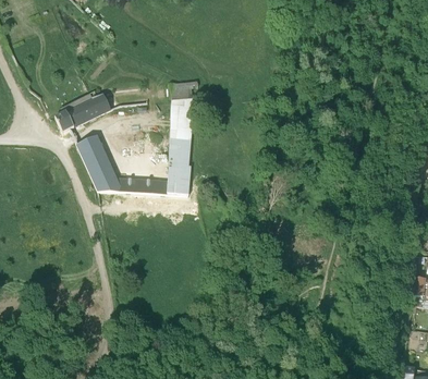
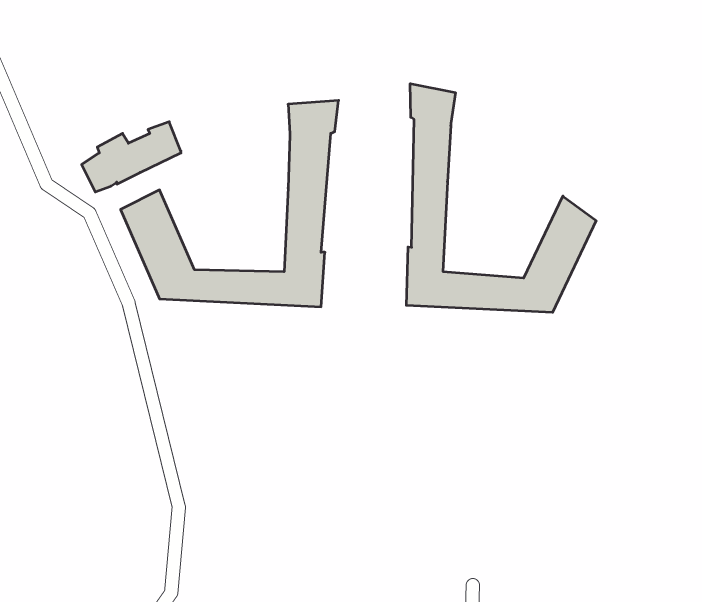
building: none -> [406,84,596,312]

